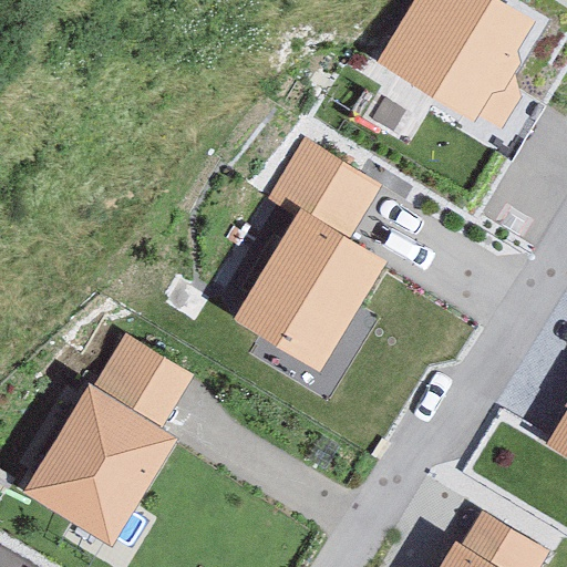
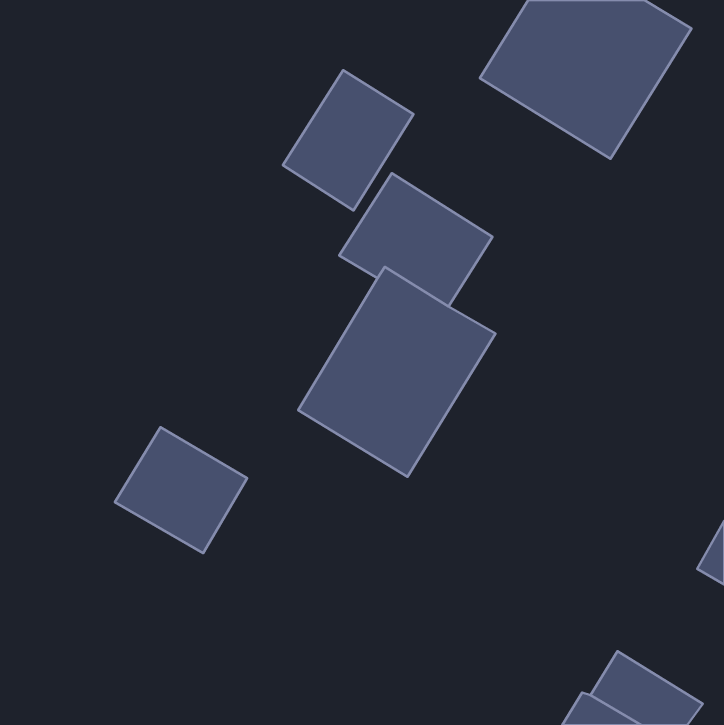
building: none -> [283,70,414,211]
building: [21,388,175,547] -> none

